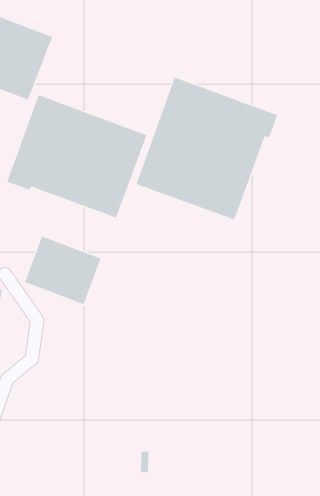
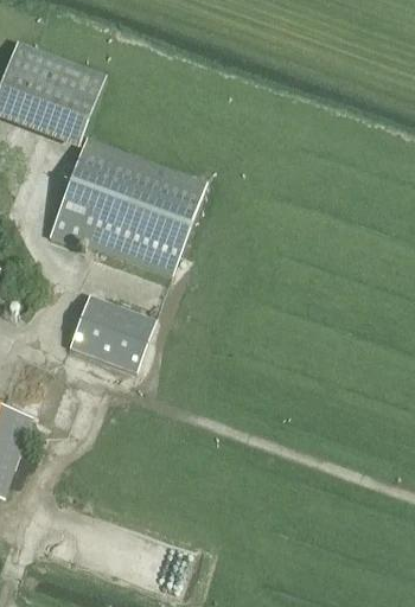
building: [136,77,278,220] -> none

